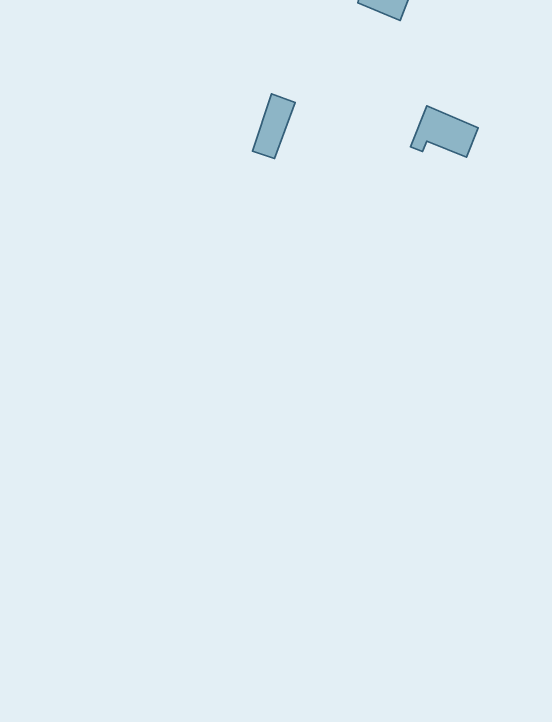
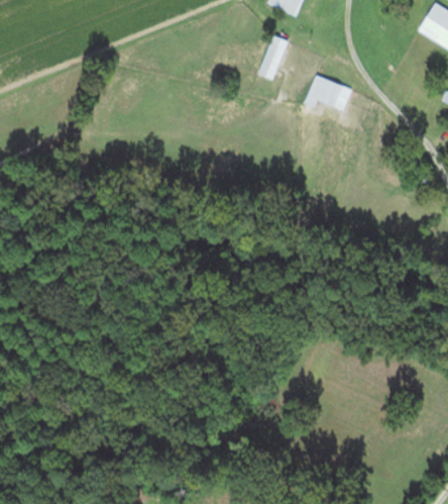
building: [253,94,295,158] -> [258,35,288,80]

